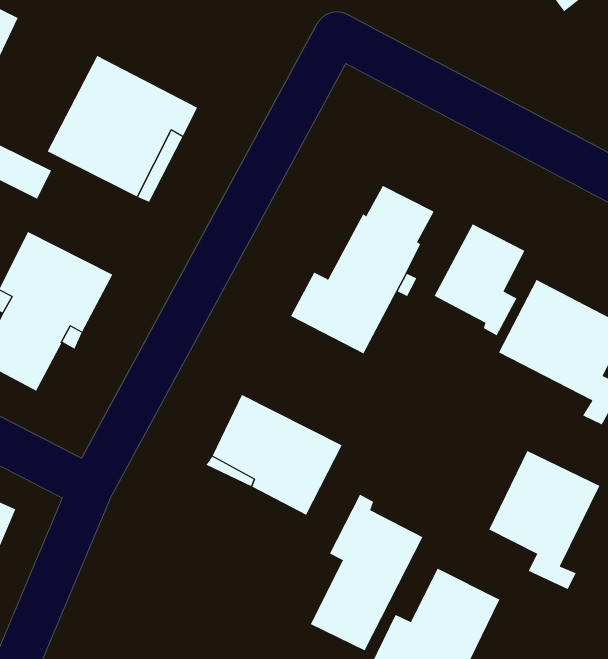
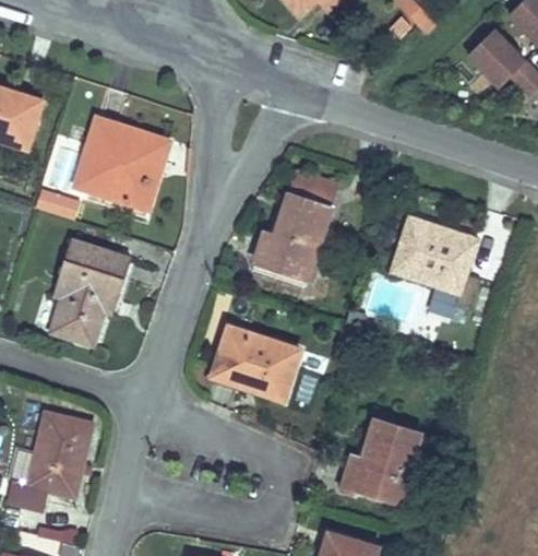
building: [434,223,525,336] -> none
building: [489,450,600,590] -> none
building: [310,494,423,651] -> none

